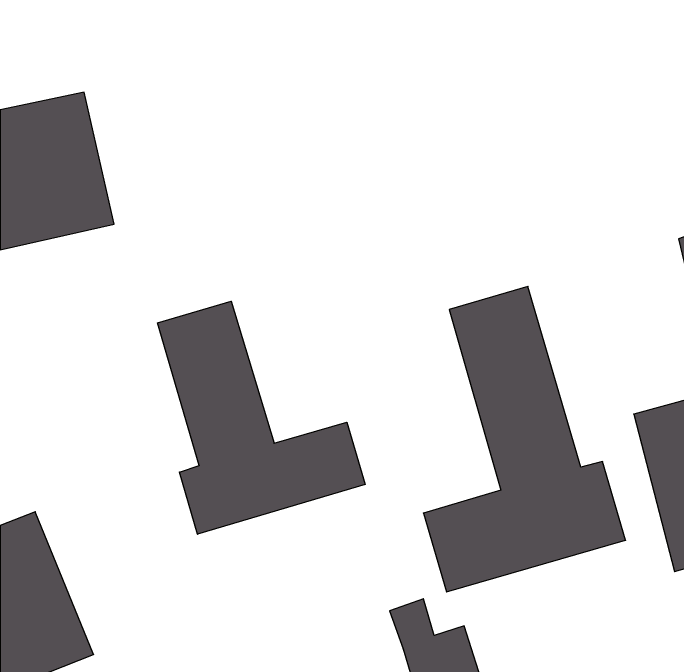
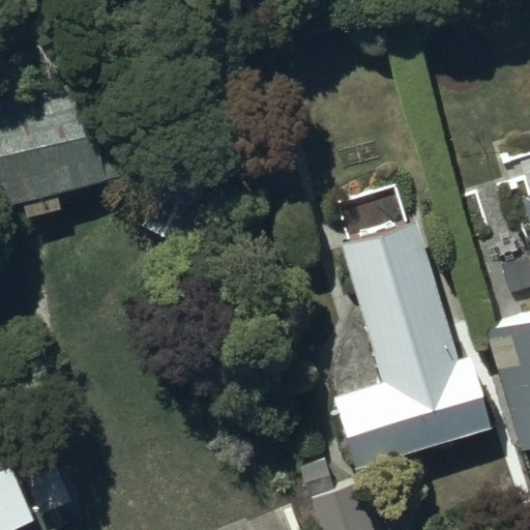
building: [157,301,365,534] -> none

